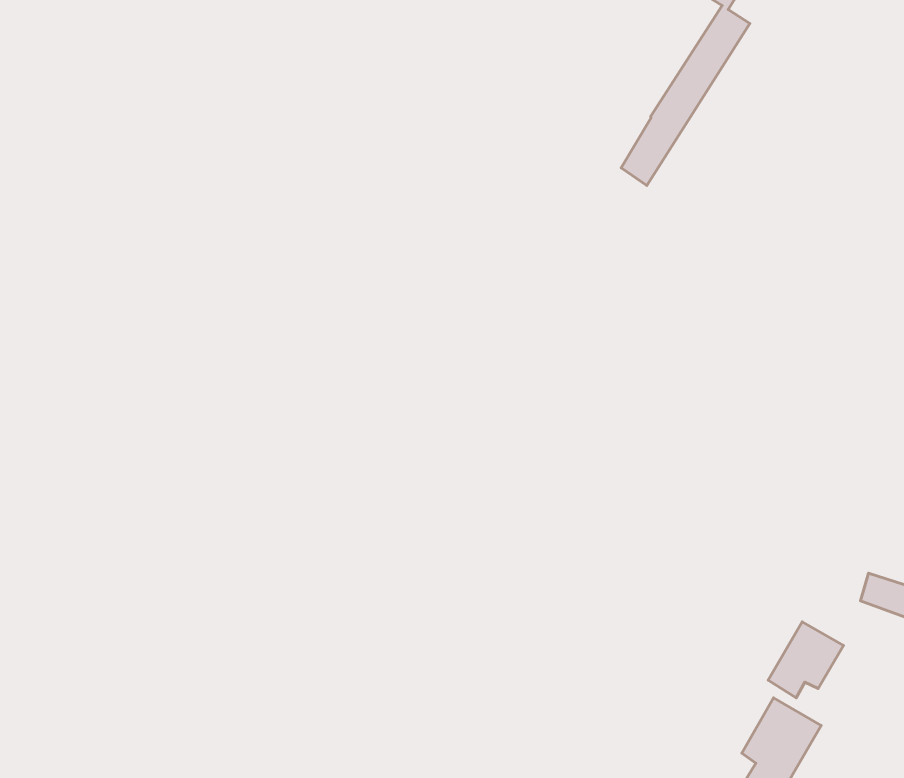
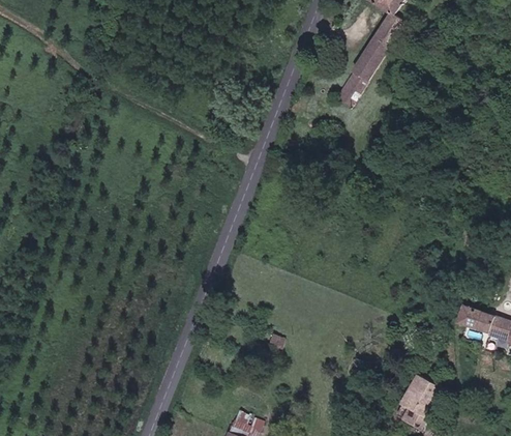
building: [768,622,843,698] -> none

